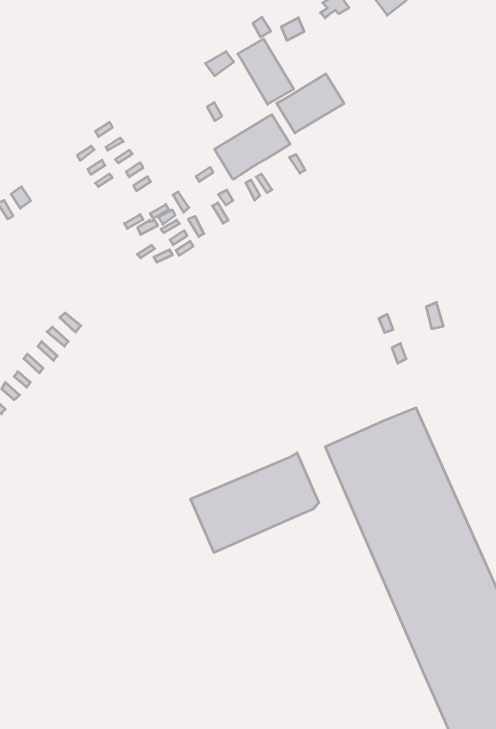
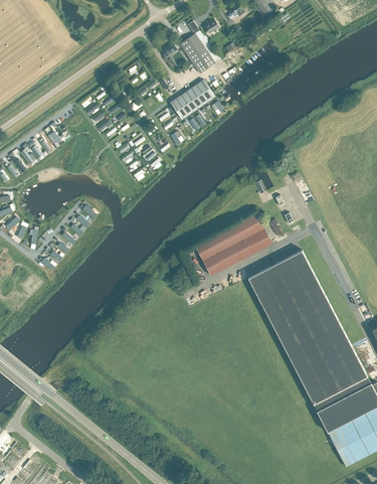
building: [277,74,344,133] -> none
building: [191,453,319,552] -> [194,212,271,276]

